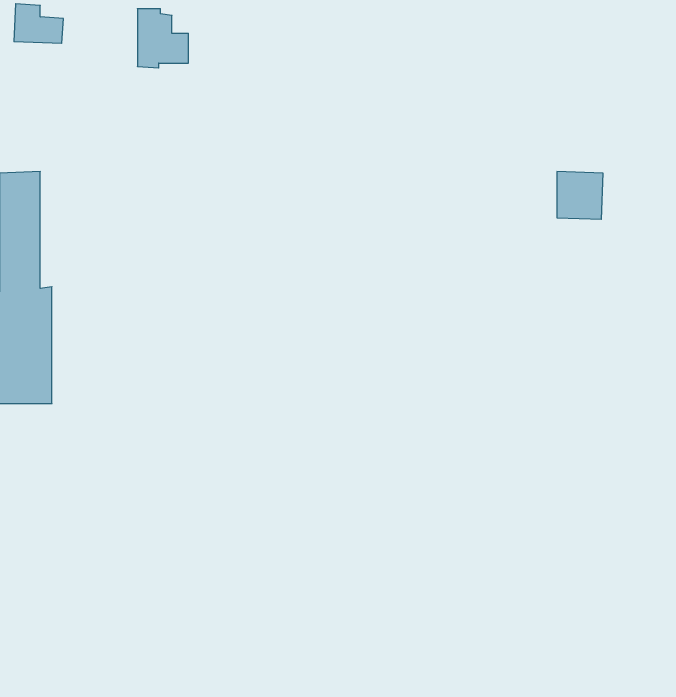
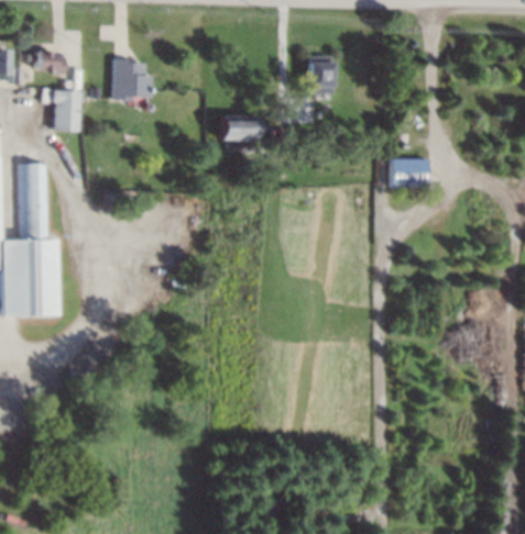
building: none -> [309,58,333,93]
building: none -> [50,90,79,132]
building: none -> [221,113,258,138]

